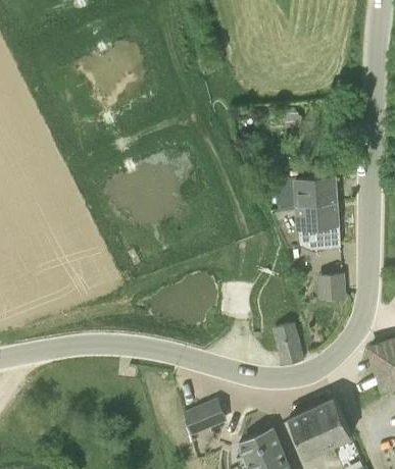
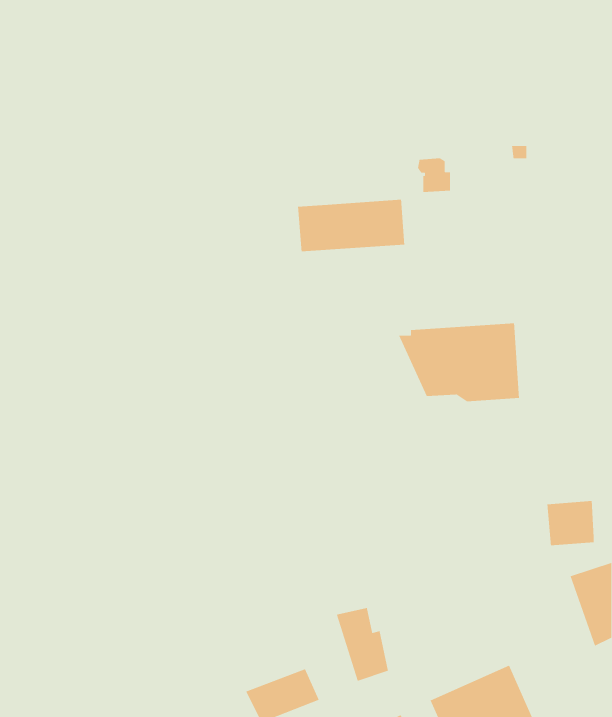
building: [275,176,337,207] -> [297,199,405,252]
building: [315,274,343,301] -> [547,500,594,546]
building: [270,324,301,367] -> [336,607,389,682]

